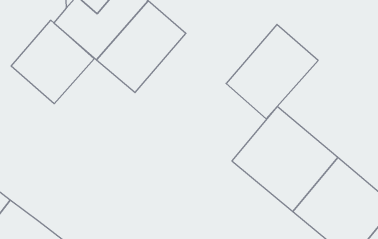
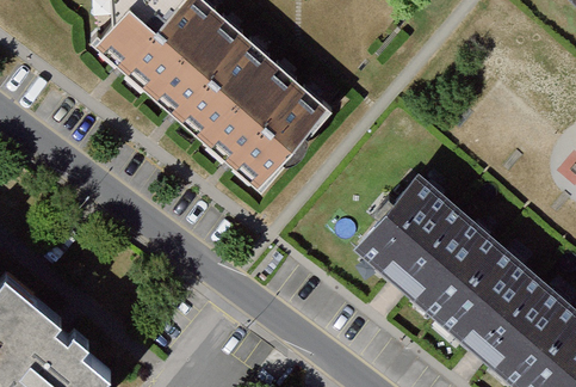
building: [11,20,94,104] -> none
building: [226,24,318,119] -> [203,59,336,196]

